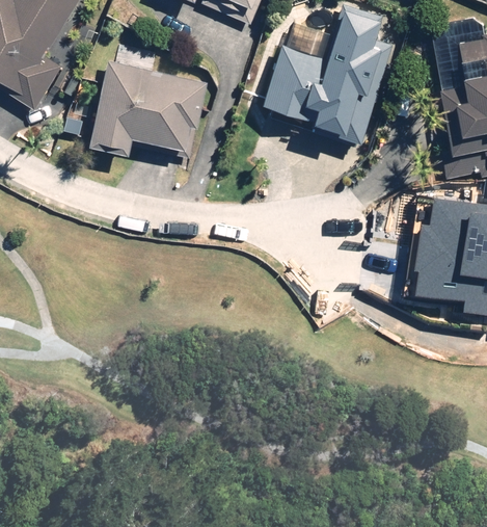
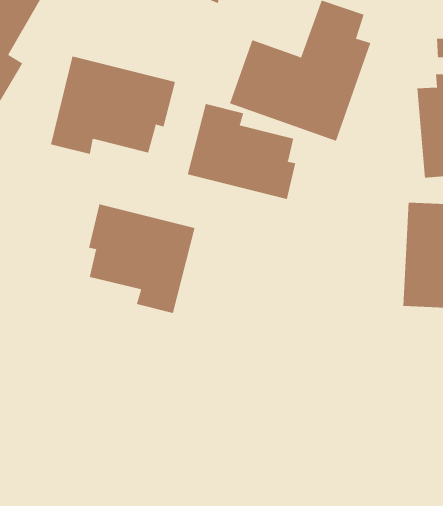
building: none -> [187,103,296,200]
building: none -> [89,204,195,314]

